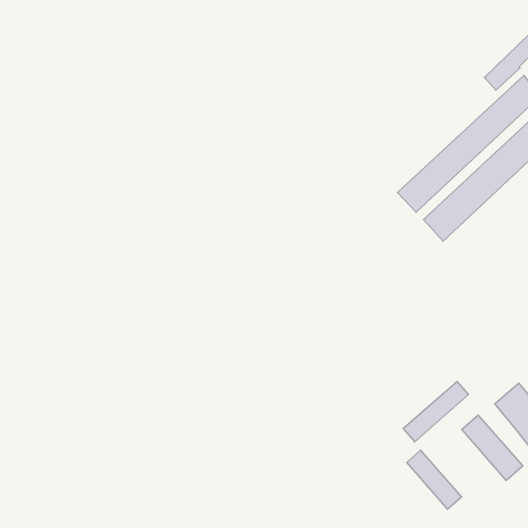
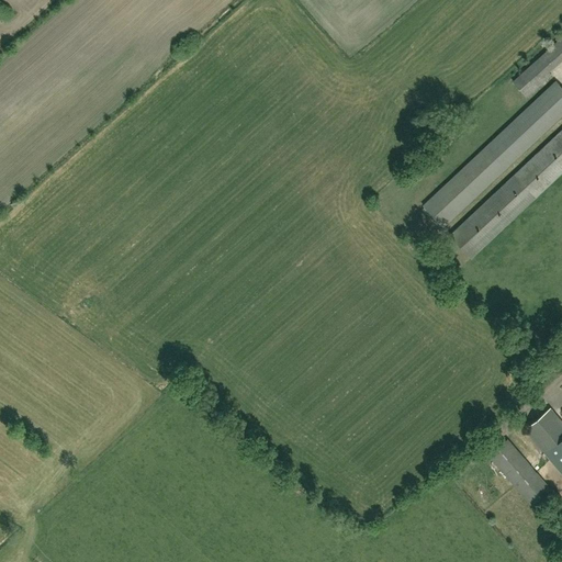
building: [403,381,469,442] -> none
building: [407,450,461,509] -> none

